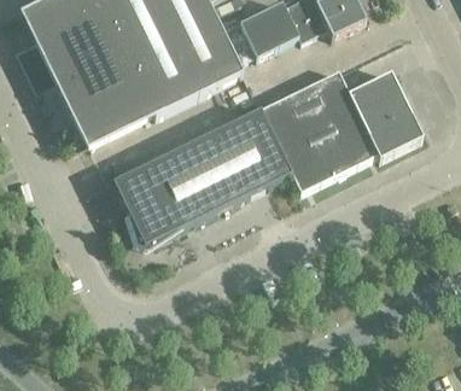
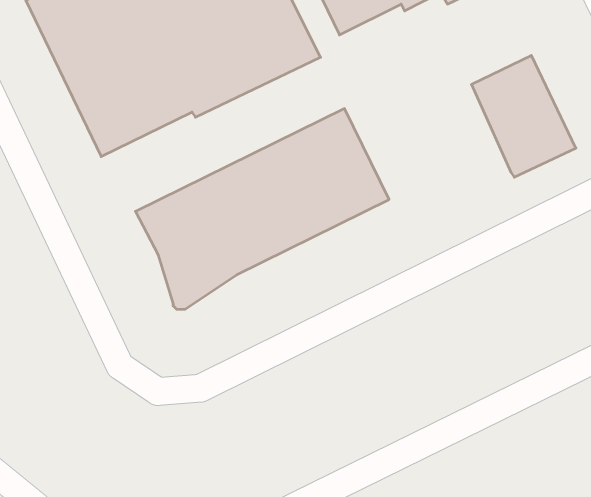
building: [259,70,377,191] -> none

